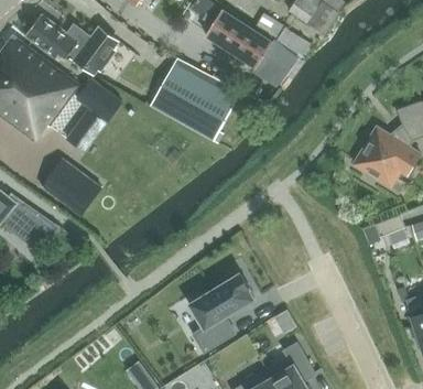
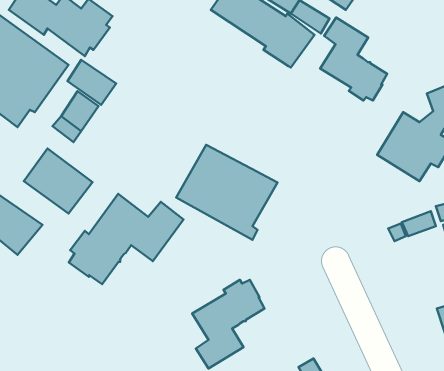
building: none -> [320,17,387,101]
building: [151,60,240,143] -> [176,145,277,240]
building: none -> [69,194,184,284]

